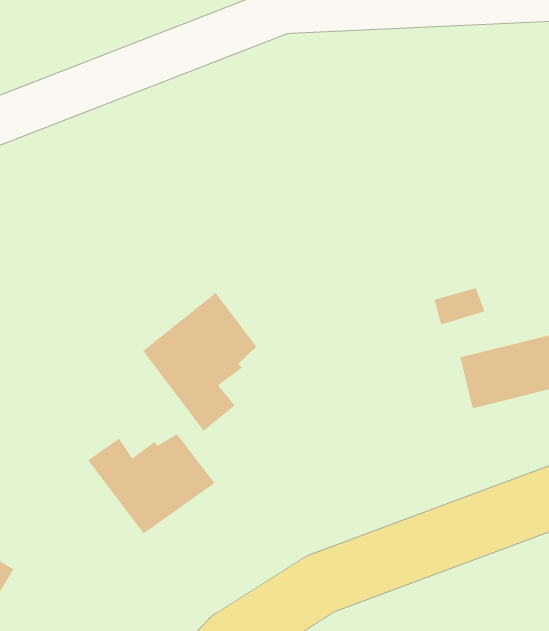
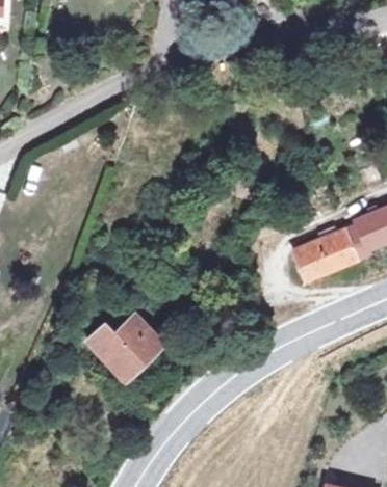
building: [142,292,257,432] -> none

